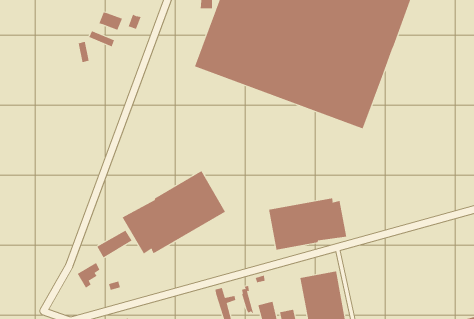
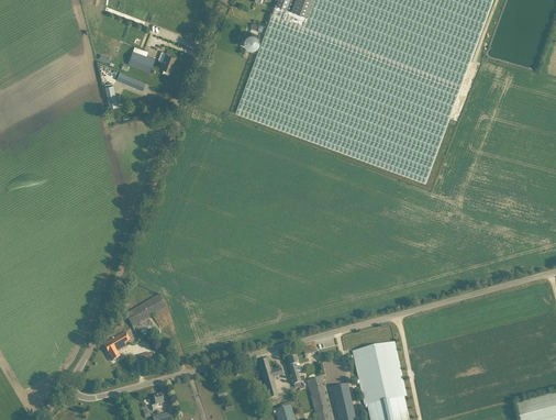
building: [122,170,226,254] -> none
building: [268,197,347,250] -> none

